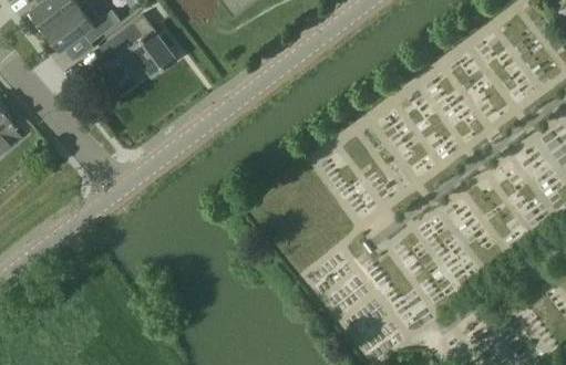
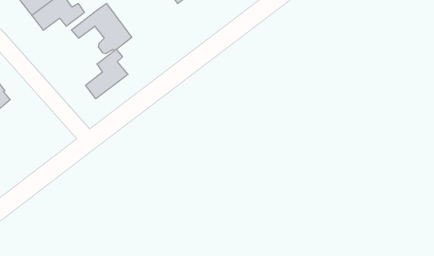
building: none -> [86,49,128,99]

